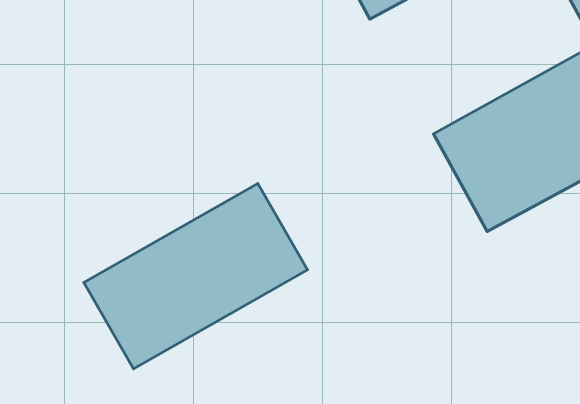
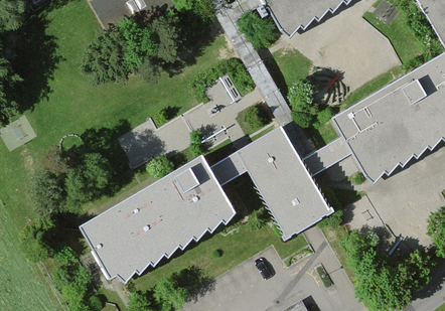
building: none -> [233,126,331,240]

